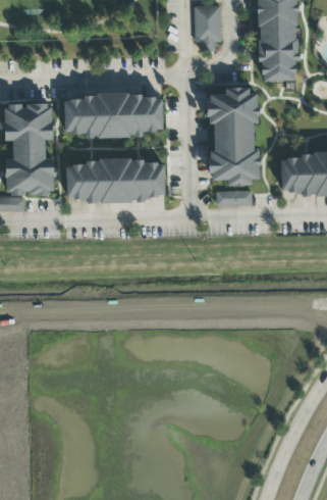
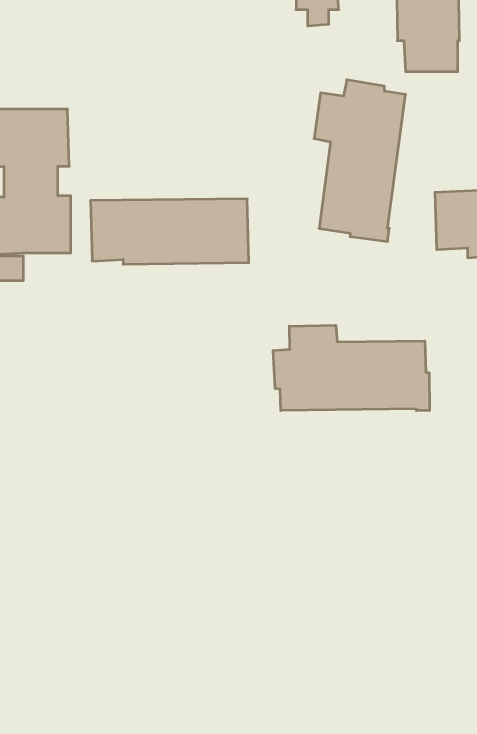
building: [64,94,163,138] -> none
building: [216,191,252,205] -> none
building: none -> [273,325,429,411]

